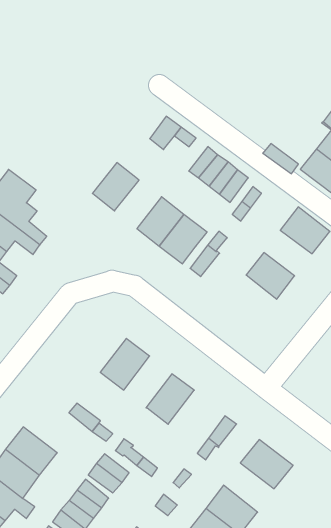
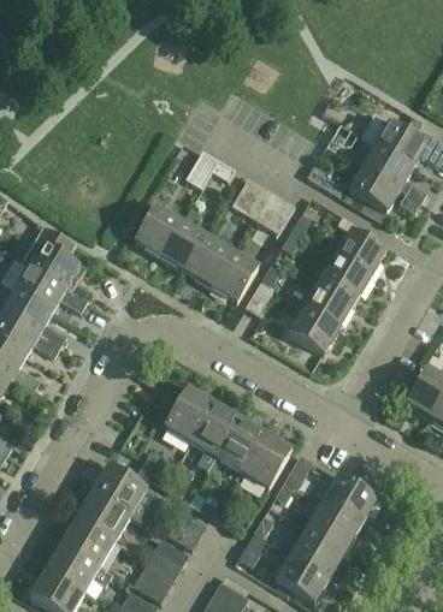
building: none -> [160,220,207,271]
building: none -> [320,255,371,301]
building: none -> [289,305,339,352]
building: none -> [191,402,240,470]
building: none -> [242,432,291,486]
building: none -> [91,464,156,521]
building: none -> [307,501,360,551]

